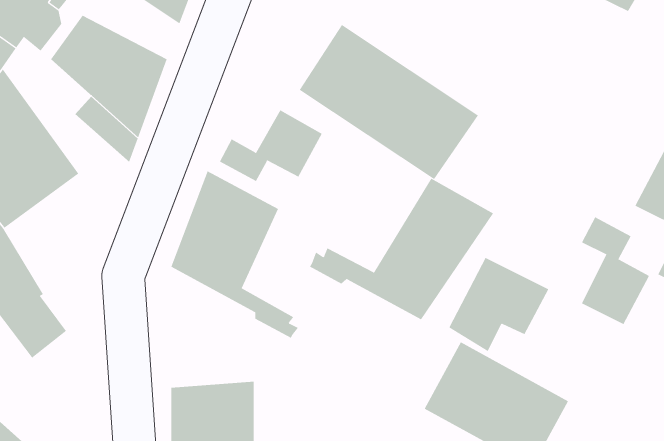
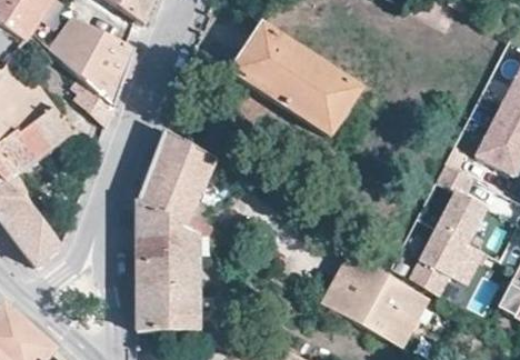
building: [219,110,322,182] -> none
building: [309,178,494,320] -> none
building: [449,257,549,352] -> [409,226,482,294]
building: none -> [137,199,198,287]

